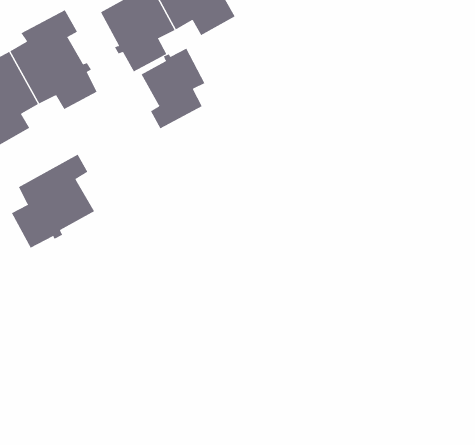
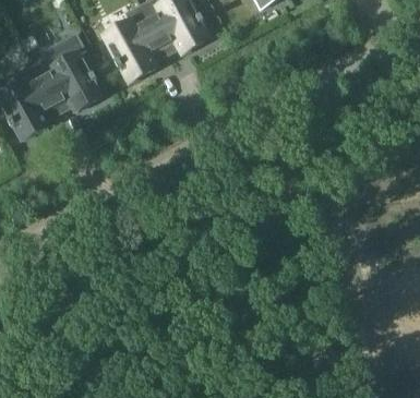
building: [141,48,205,129] -> none
building: [11,154,95,249] -> none

